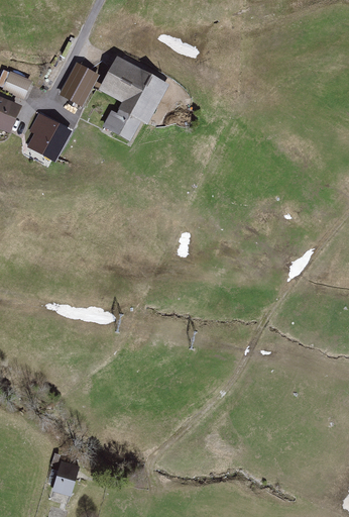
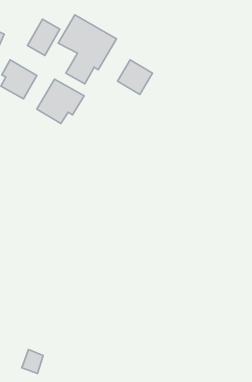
building: none -> [118,60,152,94]
building: none -> [37,79,84,124]

